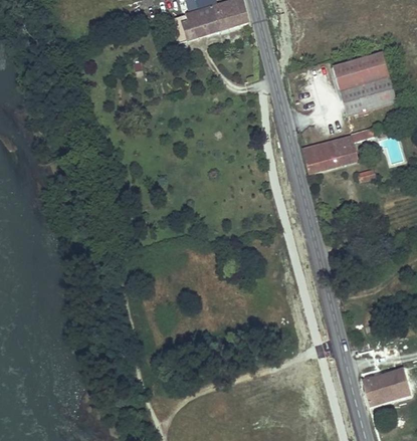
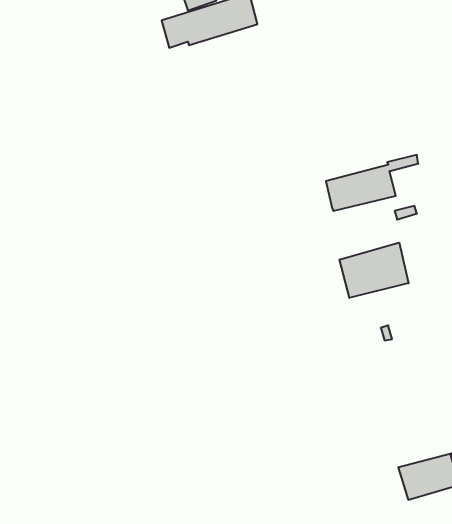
building: [334,52,395,115] -> none
building: none -> [339,243,409,298]

